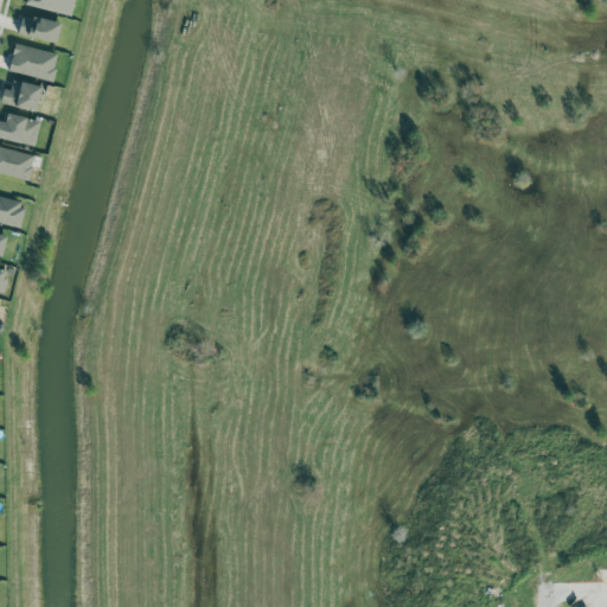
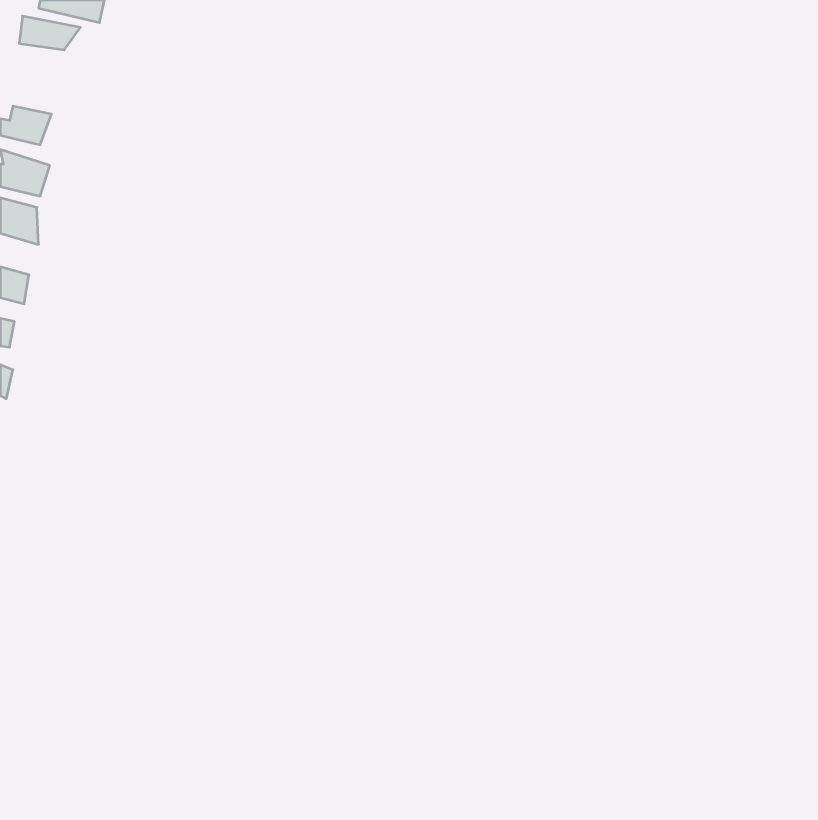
building: [8,40,52,81] -> none

